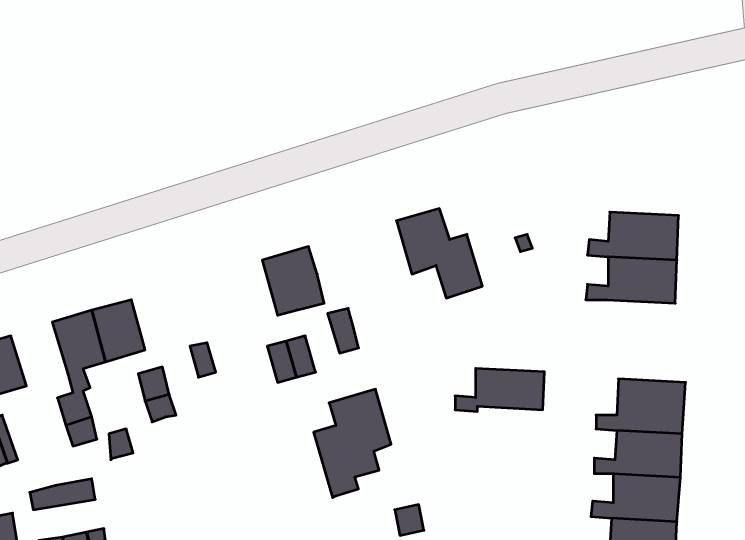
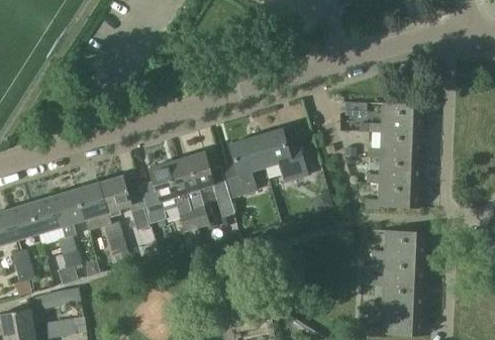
building: none -> [368,101,422,133]
building: none -> [222,136,264,195]
building: none -> [99,175,131,217]
building: none -> [28,196,62,233]
building: [455,368,544,411] -> [366,183,418,208]
building: [314,389,391,498] -> [139,159,185,223]

